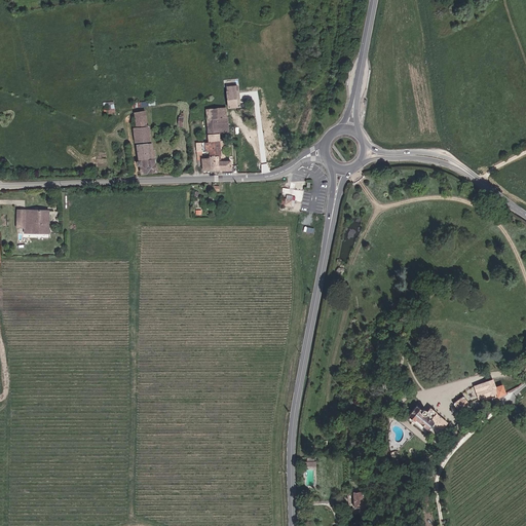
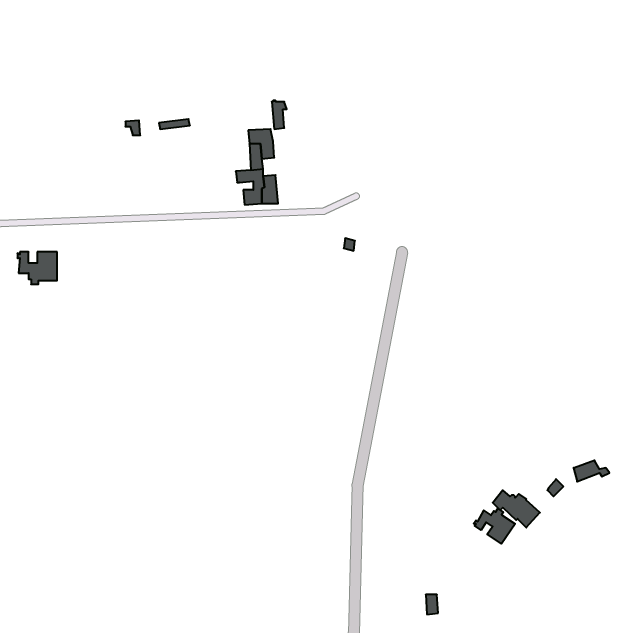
building: [134,109,157,174] -> none
building: none -> [474,509,515,544]

